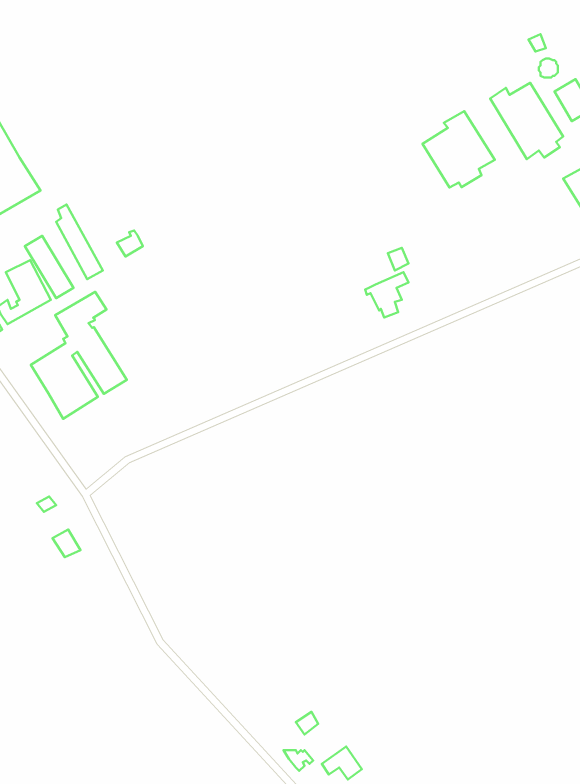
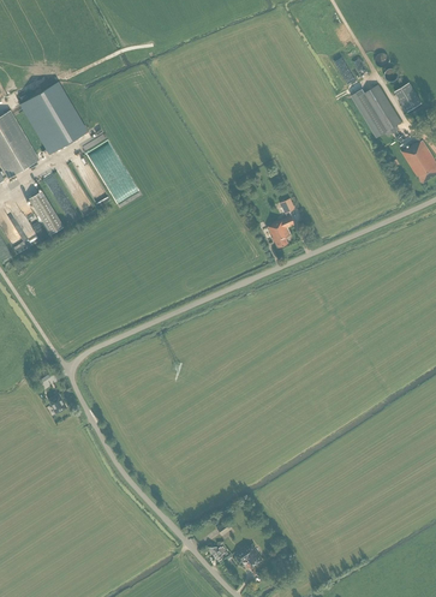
building: none -> [20,83,86,154]
building: [423,111,495,188] -> none
building: [31,292,127,419] -> none

